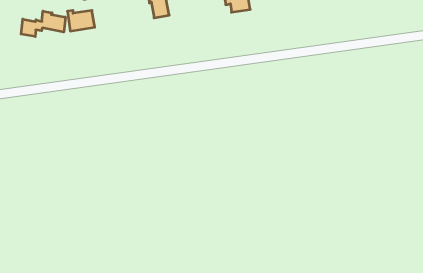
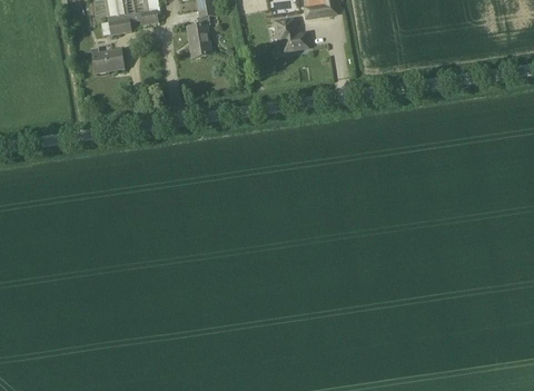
building: [21,11,65,37] -> none

